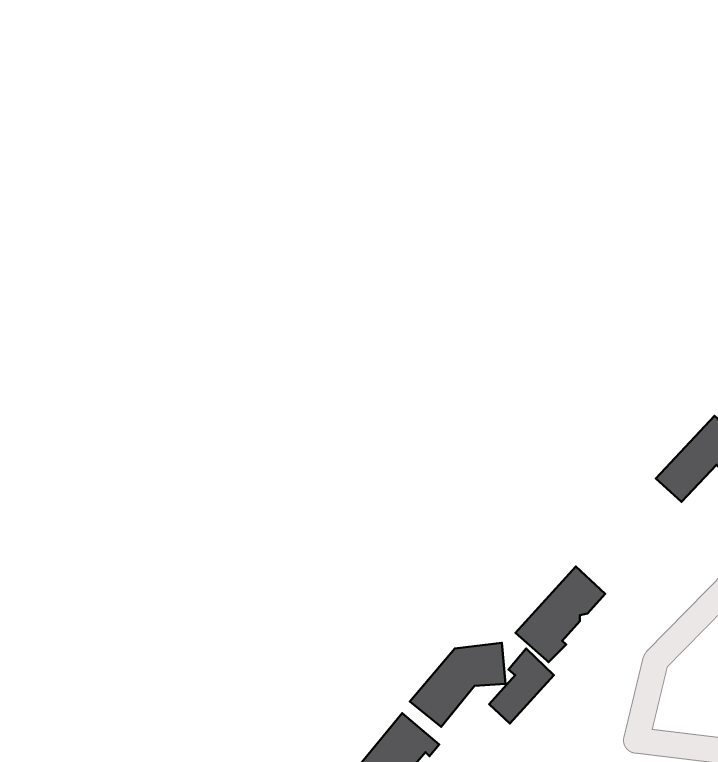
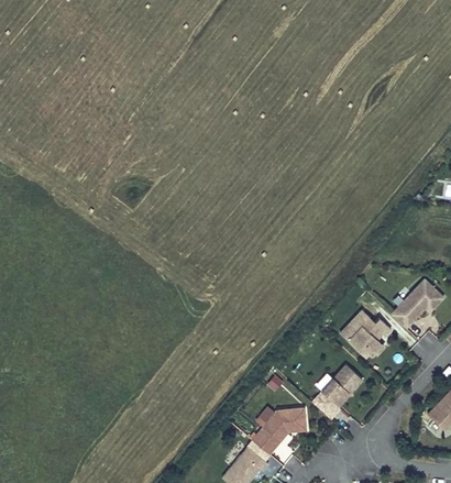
building: none -> [340,310,390,356]
building: [489,649,554,724] -> none

